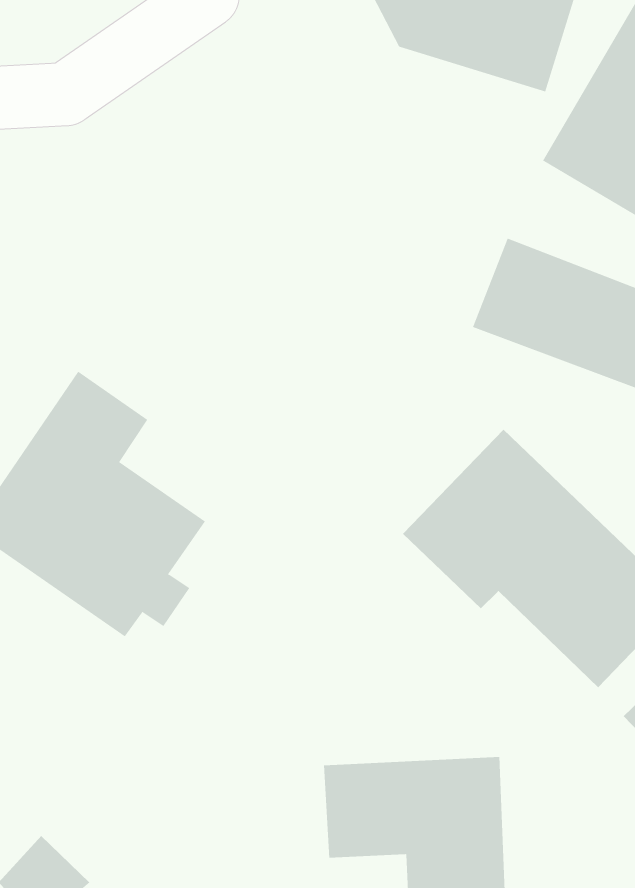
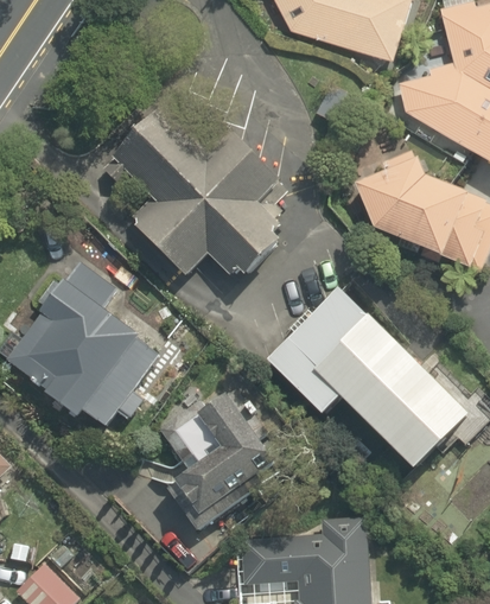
building: none -> [104,102,293,281]
building: none -> [161,394,278,532]

